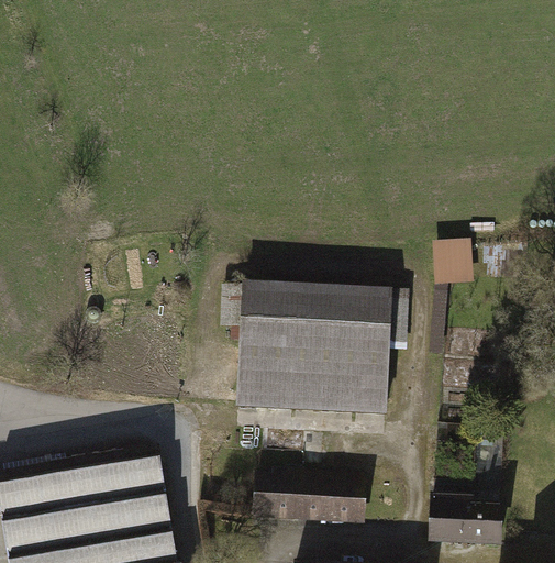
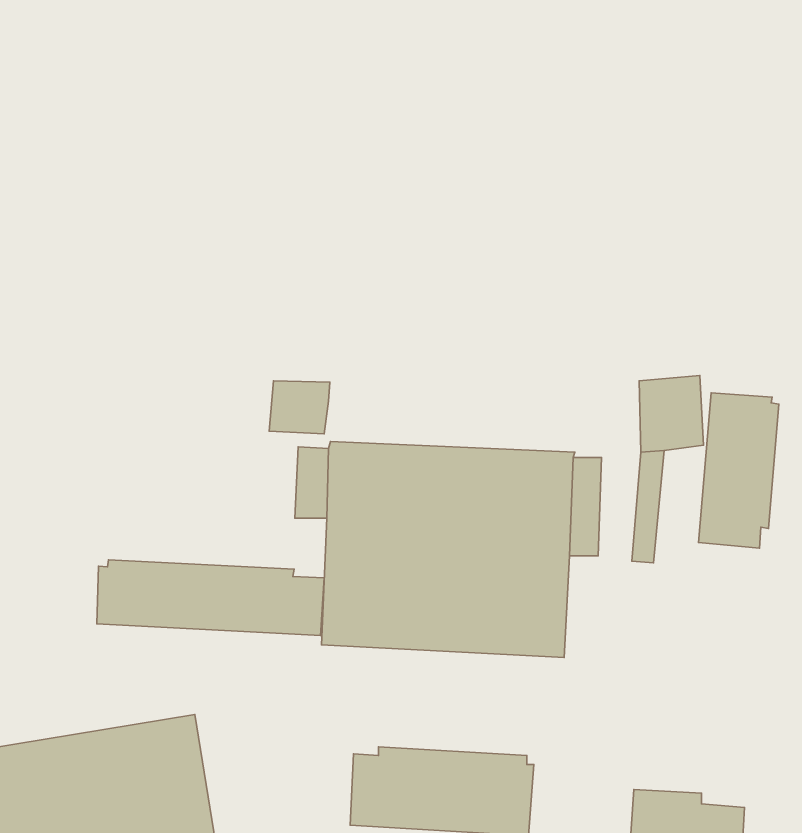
building: none -> [269,381,330,434]
building: none -> [699,393,779,548]
building: none -> [97,560,324,635]

